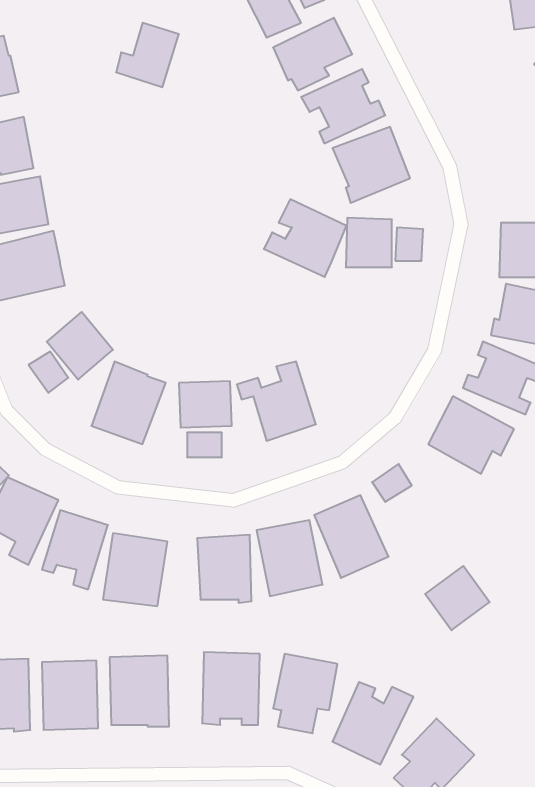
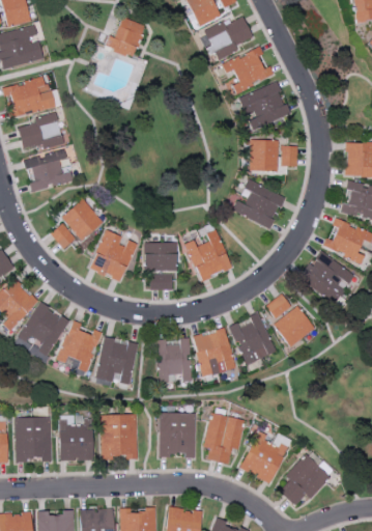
building: [264,199,346,277] -> [231,179,283,228]
building: [425,566,490,630] -> [274,306,314,346]

